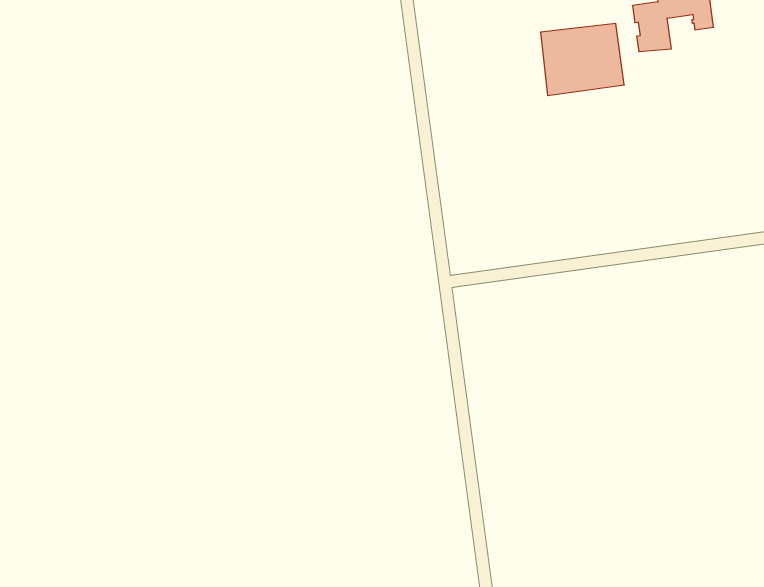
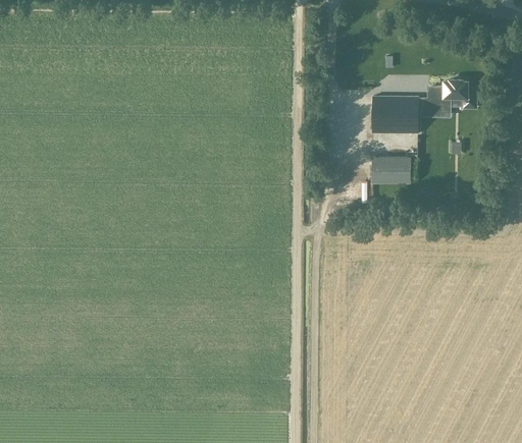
building: none -> [371,157,410,182]

